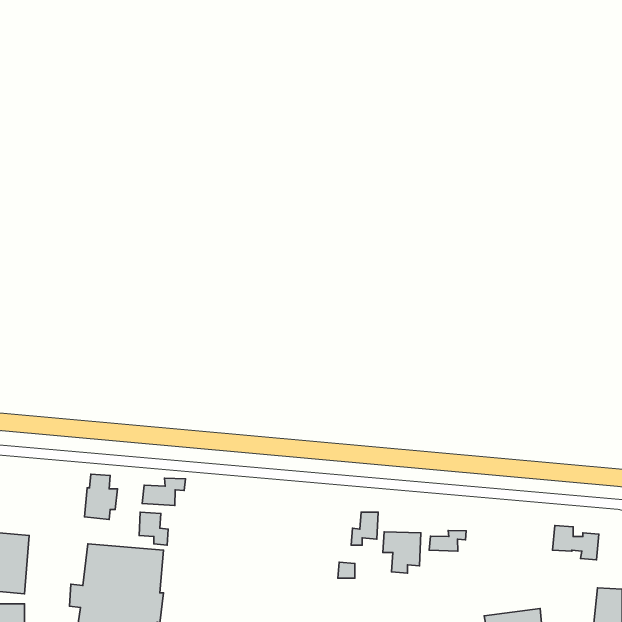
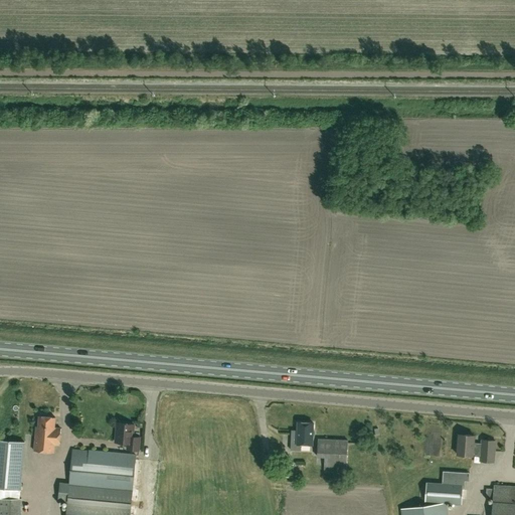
building: [85,474,118,519] -> [33,416,60,454]
building: [142,478,185,506] -> none
building: [429,530,466,551] -> none
building: none -> [423,472,462,503]

